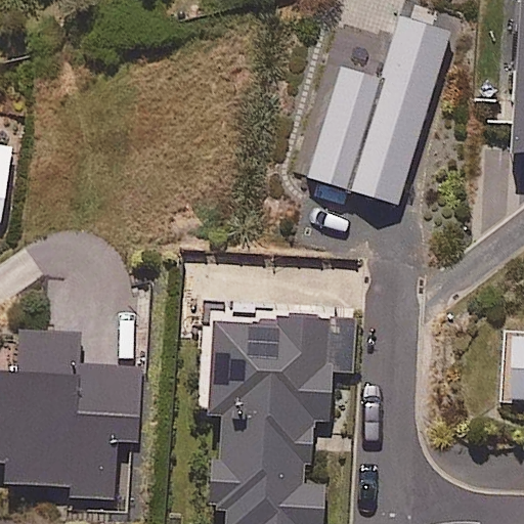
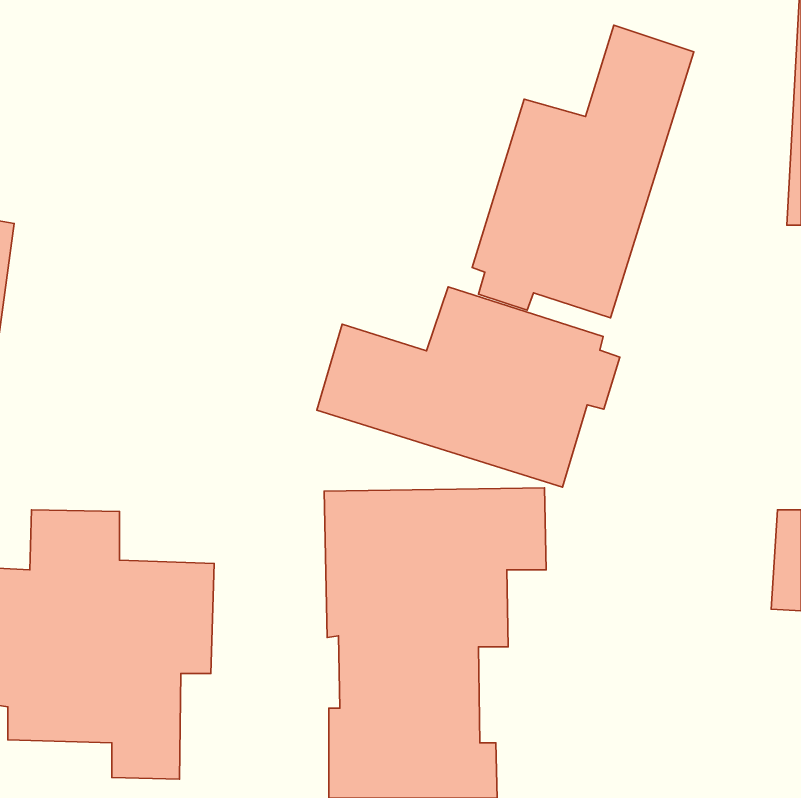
building: none -> [317,287,620,487]

